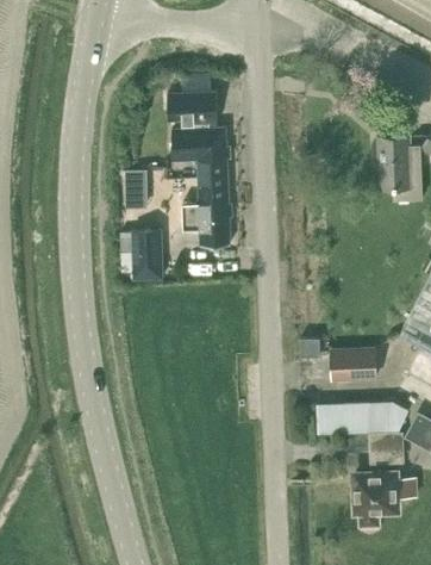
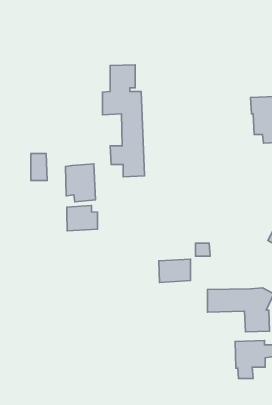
building: [125,172,148,209] -> [31,154,47,180]
building: none -> [67,205,98,231]
building: [331,348,375,380] -> [159,259,191,282]

